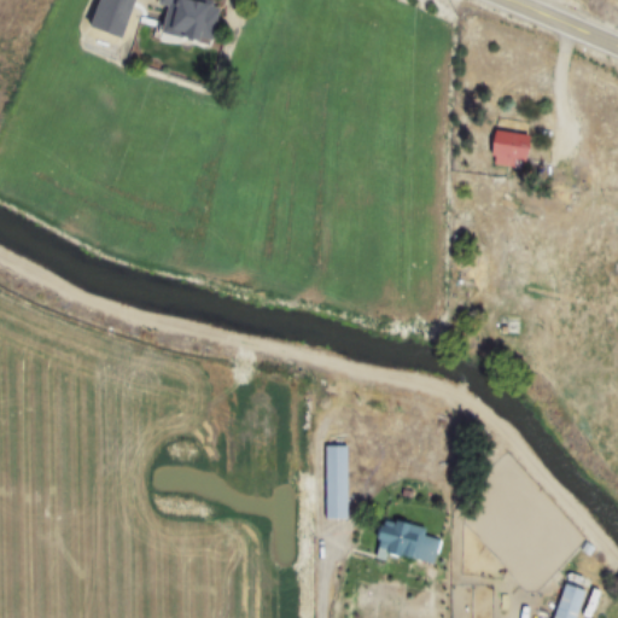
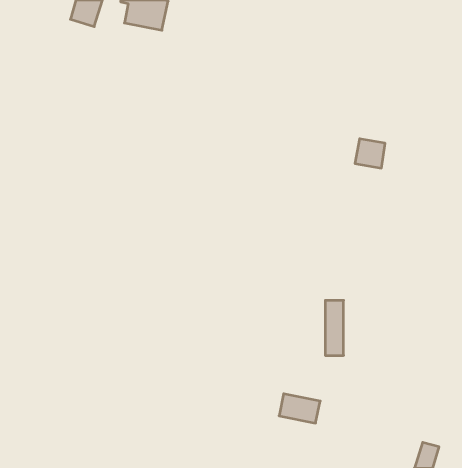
building: [490,129,530,168] -> [355,139,385,168]
building: [325,445,349,518] -> [325,300,344,355]

